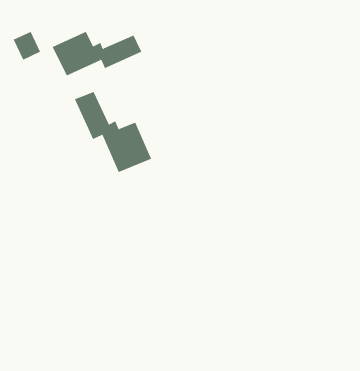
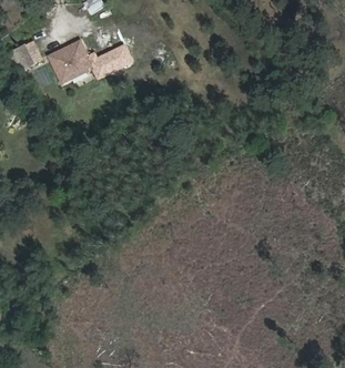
building: [74,91,152,173] -> none

